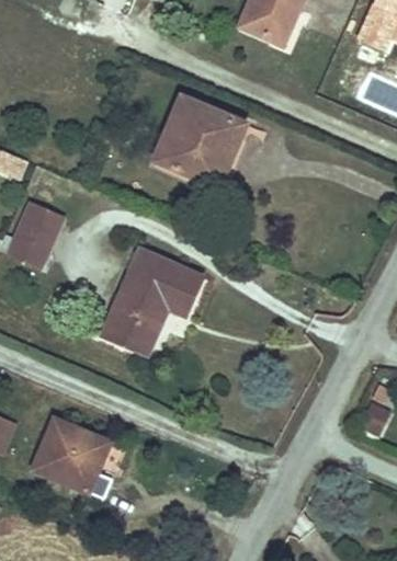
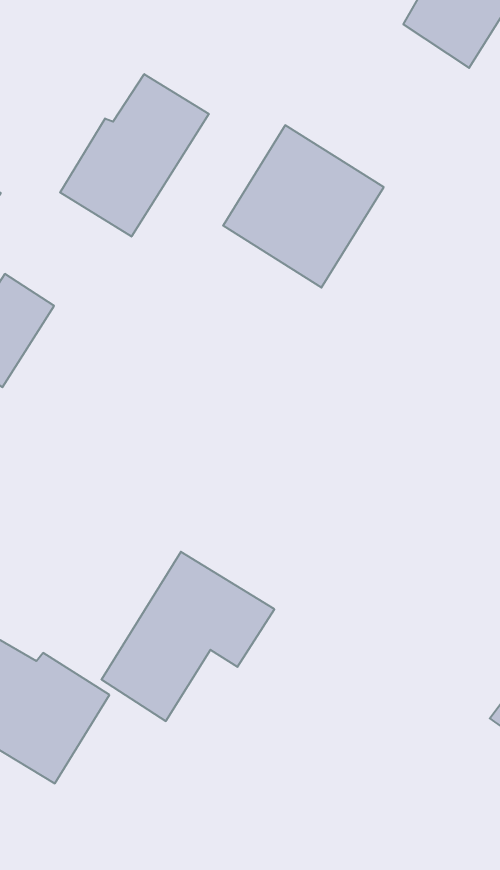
building: none -> [60,74,209,237]
building: [104,248,200,348] -> [101,552,274,721]

